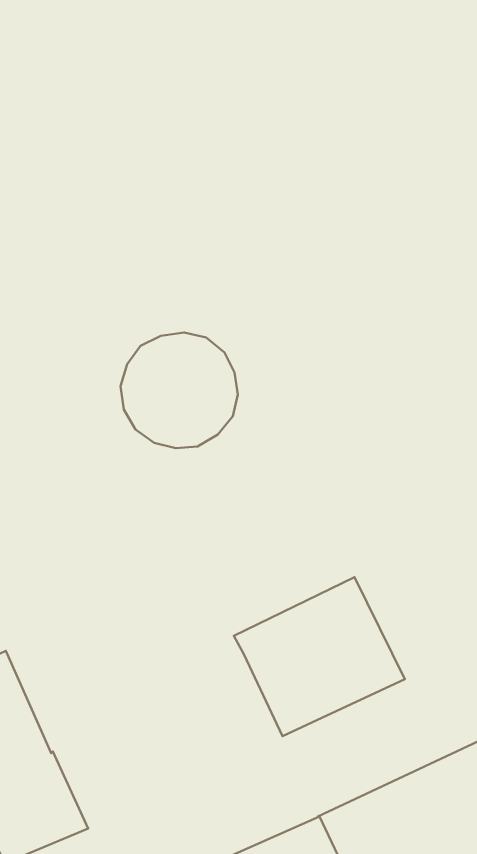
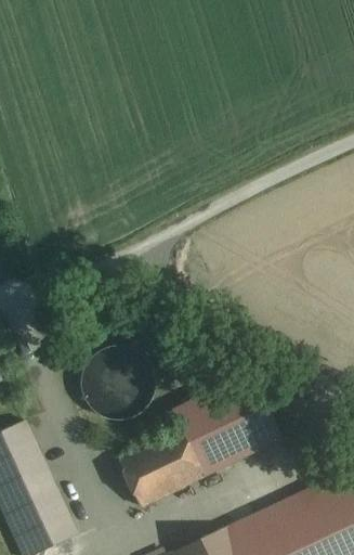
building: [121,332,238,448] -> [82,341,158,416]
building: none -> [116,424,204,507]

